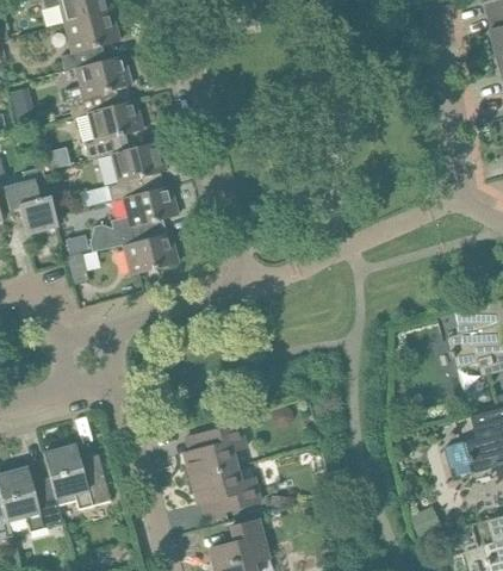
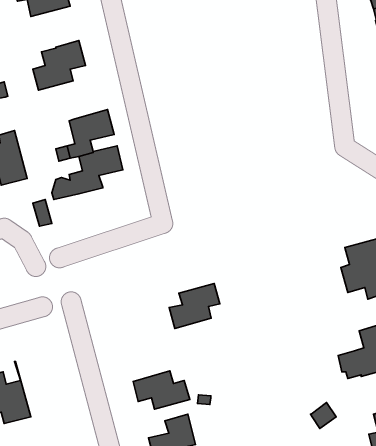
building: [60,11,118,70] -> none
building: [72,99,142,160] -> none
building: [122,231,176,274] -> none
building: [182,422,246,478] -> [169,284,220,329]
building: [43,443,110,522] -> none

